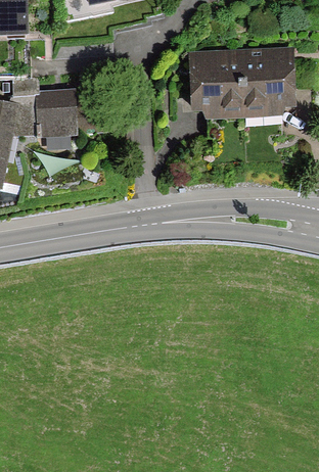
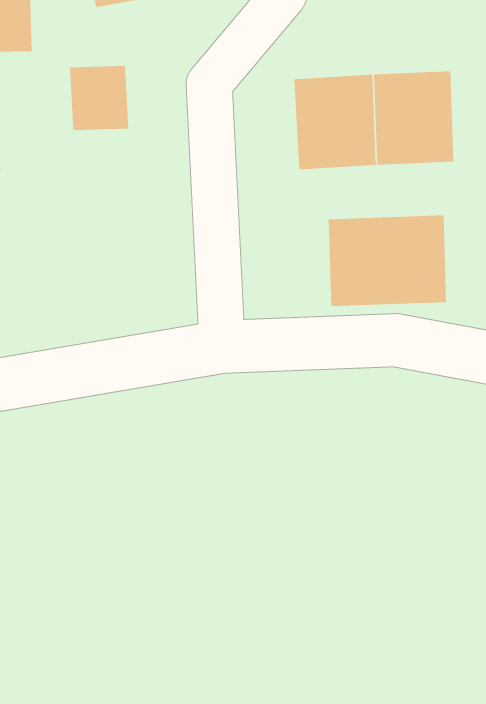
building: [33,93,71,134] -> [69,65,129,130]
building: none -> [328,215,447,307]

